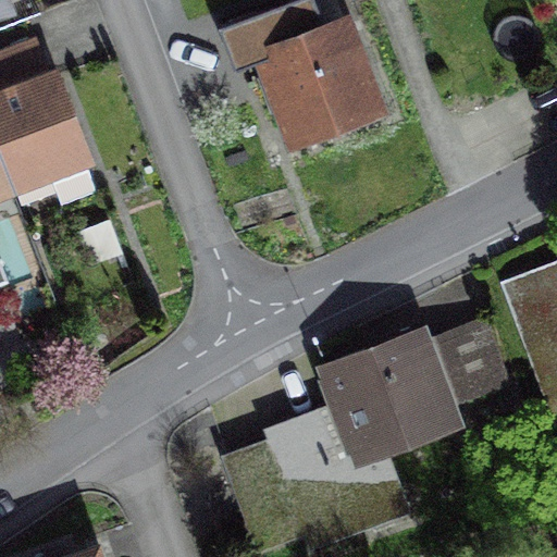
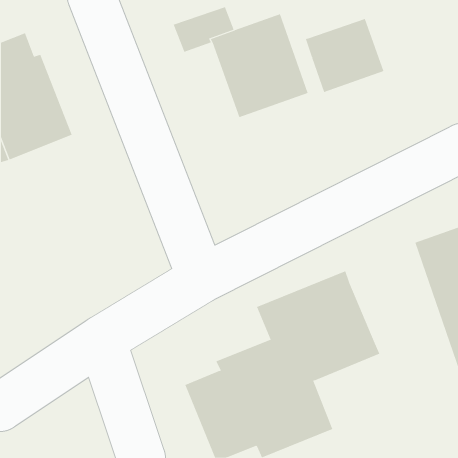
building: none -> [305,18,384,93]
building: [426,317,515,412] -> none

